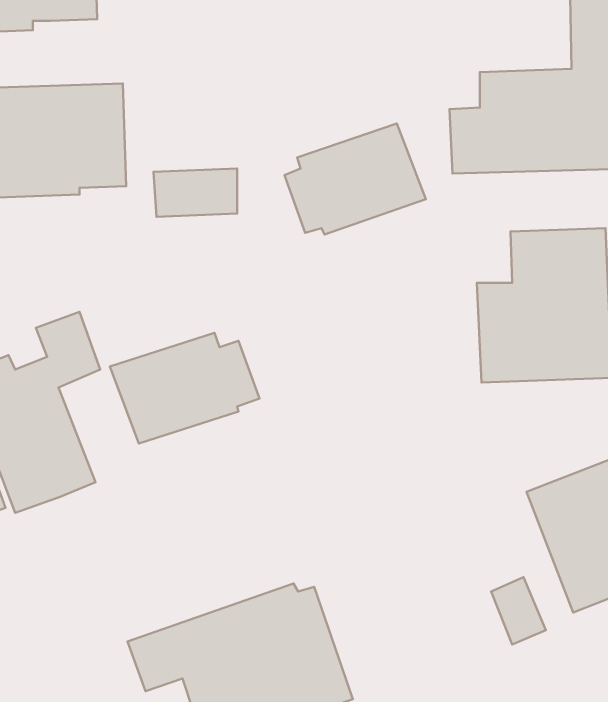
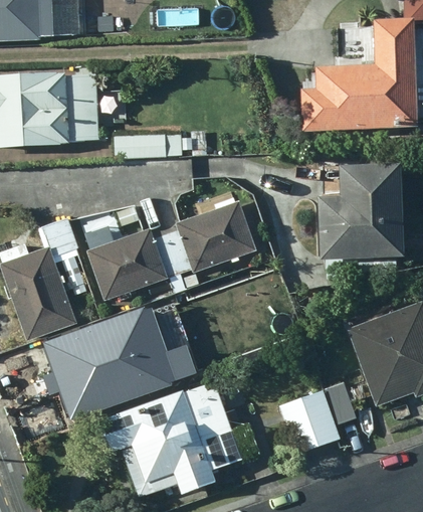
building: [284,124,426,235] -> [168,202,256,272]
building: none -> [41,309,191,419]
building: none -> [280,389,340,452]

